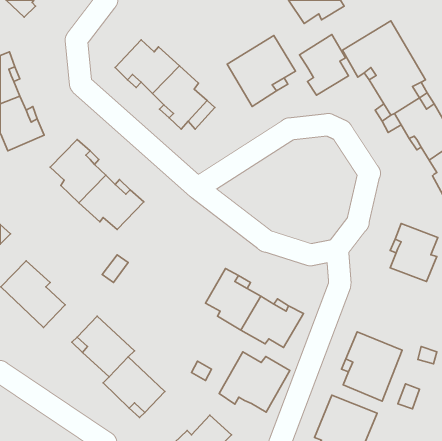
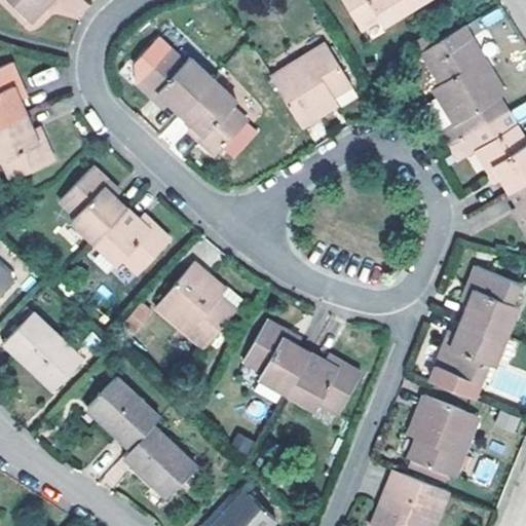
building: [299,35,349,95] -> none
building: none -> [155,263,241,349]
building: none -> [430,320,506,399]
building: [219,352,290,412] -> none

